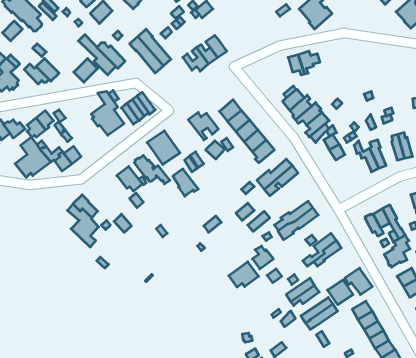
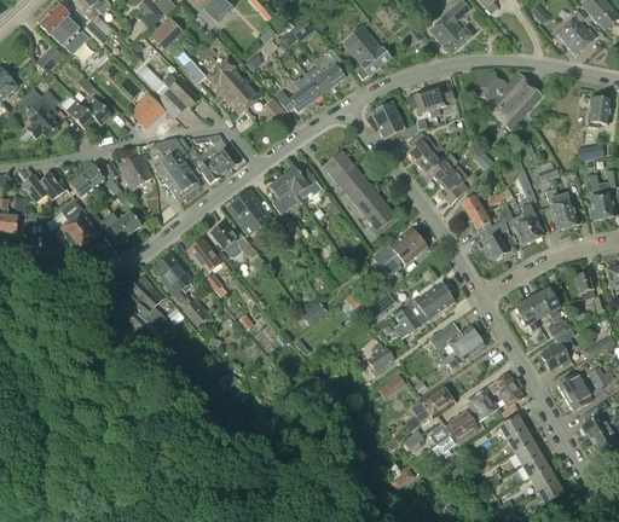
building: none -> [342,25,389,79]
building: none -> [317,47,347,85]
building: none -> [476,70,542,129]
building: none -> [371,102,405,138]
building: none -> [118,152,154,188]
building: none -> [484,219,508,259]
building: [173,169,198,196] -> [268,175,302,211]
building: none -> [154,253,195,300]
building: [229,262,259,287] -> none

